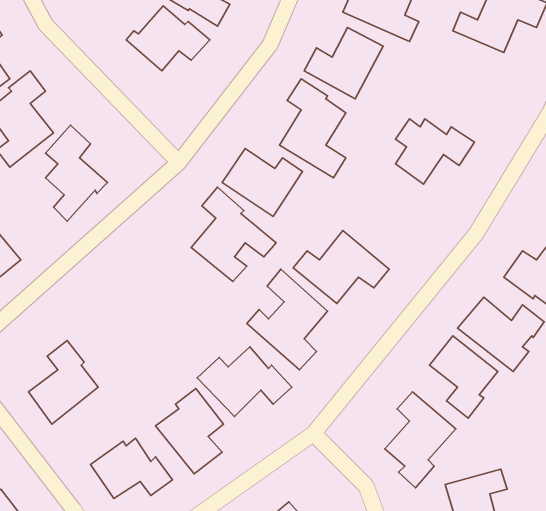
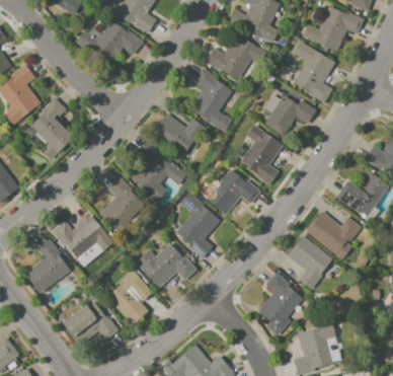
building: none -> [293,42,336,103]
building: none -> [238,126,283,186]
building: none -> [99,176,145,236]
building: none -> [52,214,113,258]

